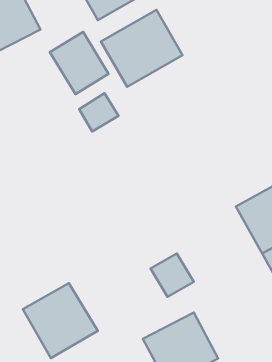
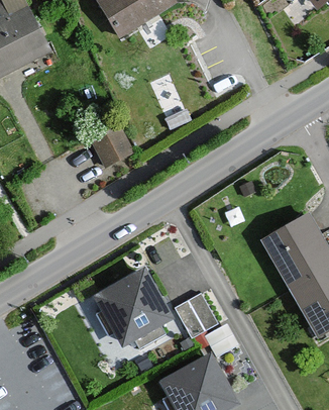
building: [101,10,182,87] -> none
building: [50,32,108,94] -> none
building: [23,283,98,358] -> [93,269,174,349]

